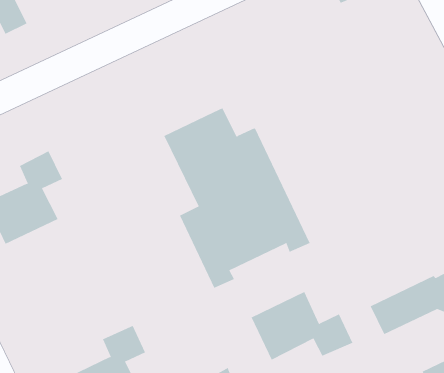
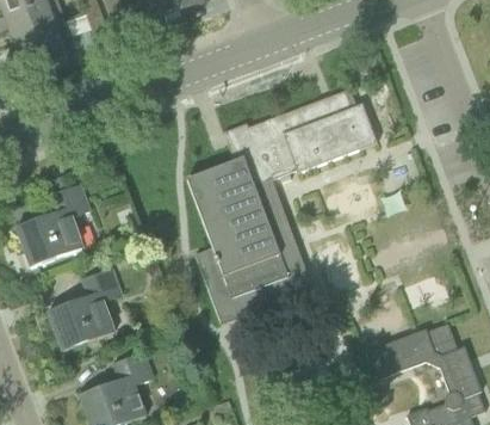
building: none -> [223,87,377,184]
building: none -> [46,266,120,351]
building: [251,291,353,360] -> none

